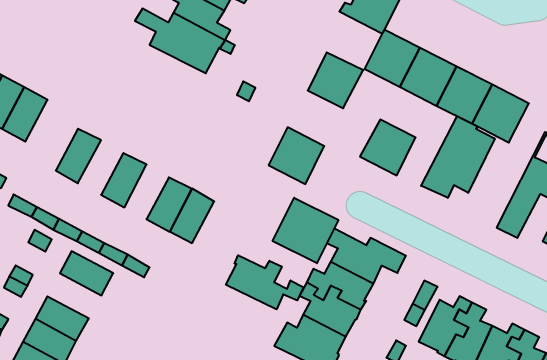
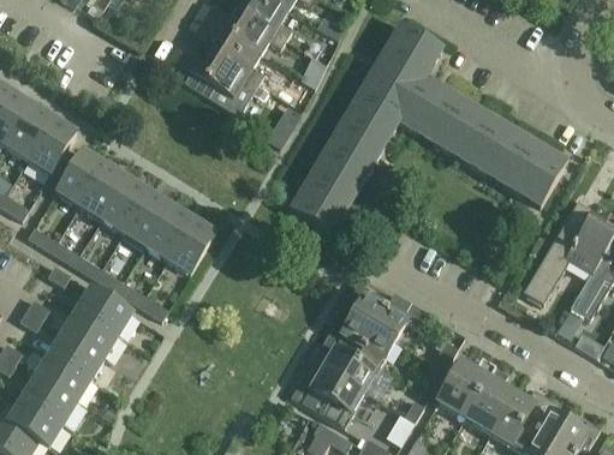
building: none -> [362,61,419,122]
building: [421,116,495,198] -> none
building: none -> [56,150,105,204]
building: [360,120,416,175] -> [317,139,375,197]
building: none -> [101,176,149,232]
building: [170,189,214,243] -> [147,204,193,259]
building: [273,198,338,263] -> none
building: [226,255,304,309] -> none
building: none -> [62,309,118,357]

